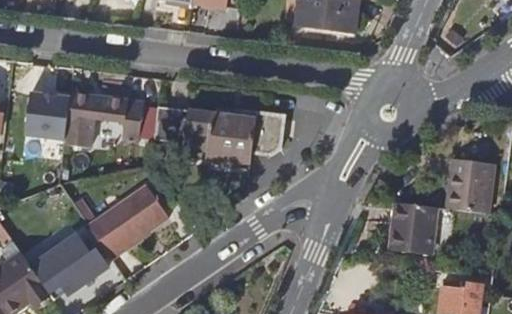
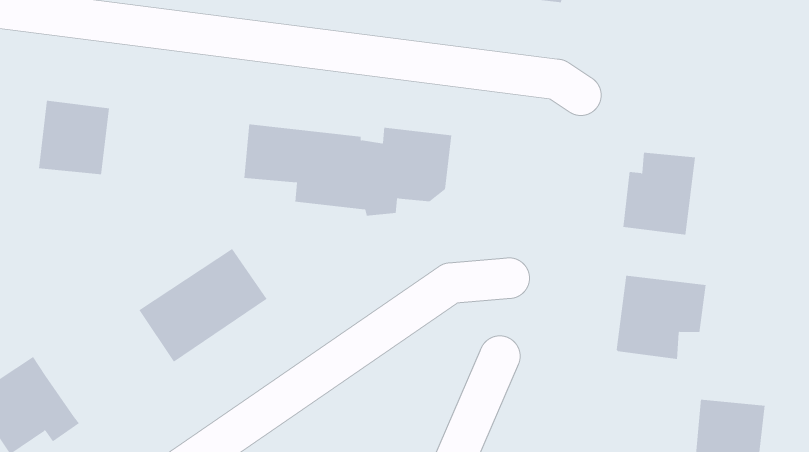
building: [65,92,144,142] -> none
building: [446,161,492,213] -> [623,152,696,235]
building: [30,234,108,294] -> none

